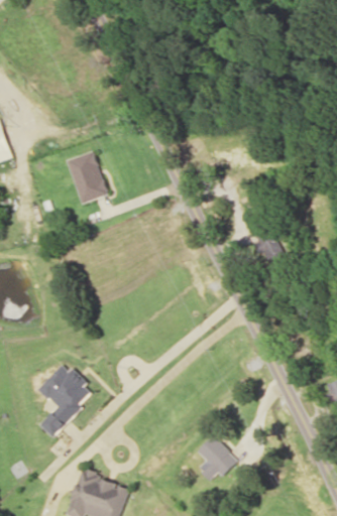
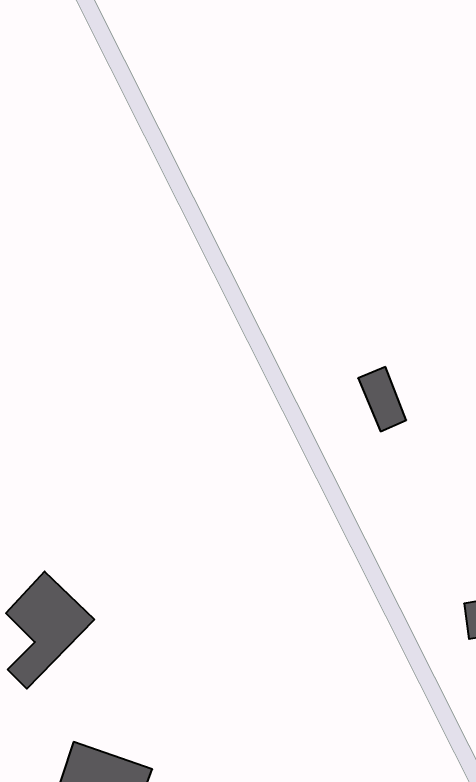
building: [68,151,108,204] -> none
building: [197,435,238,480] -> none

